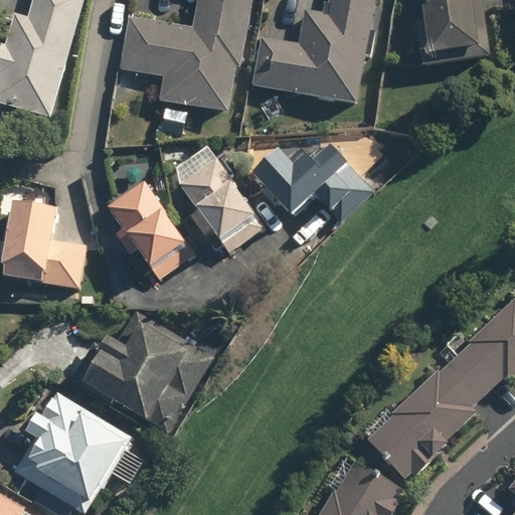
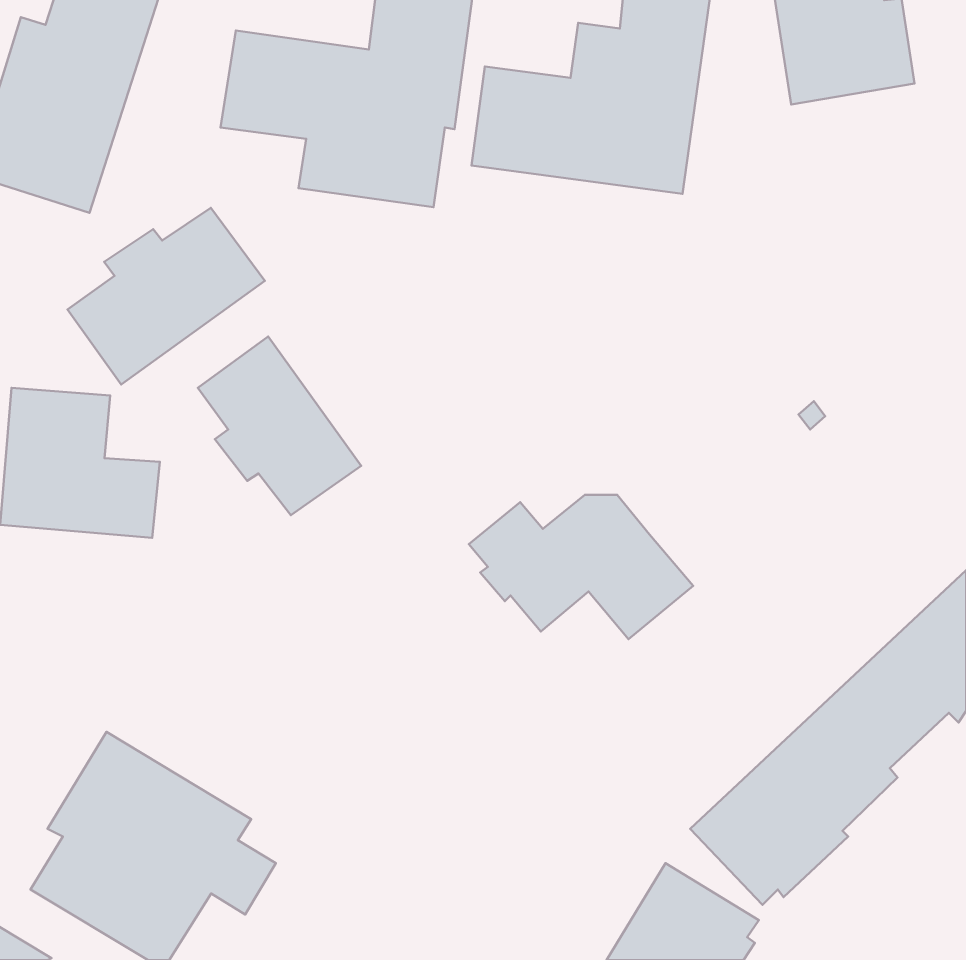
building: none -> [68,208,265,385]
building: [165,145,258,245] -> none
building: [253,146,372,222] -> [469,495,693,639]
building: [73,311,215,433] -> none

